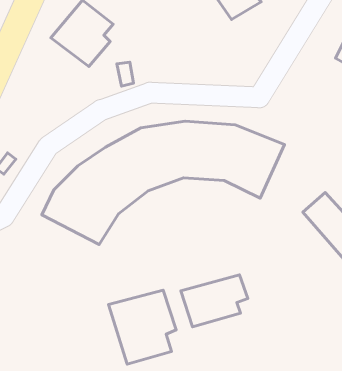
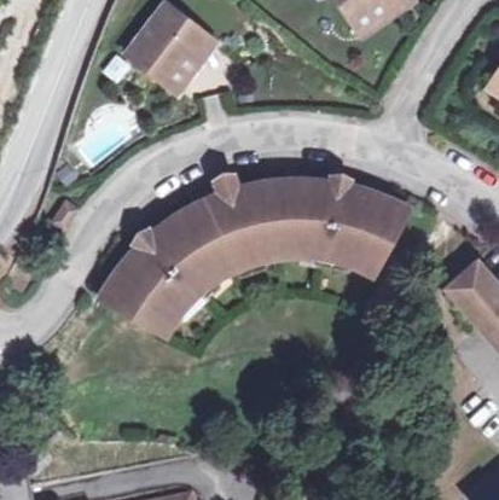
building: [181,275,248,327] -> none
building: [108,290,176,364] -> none

